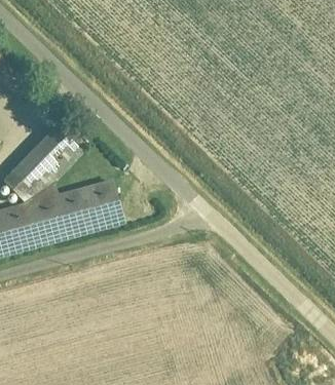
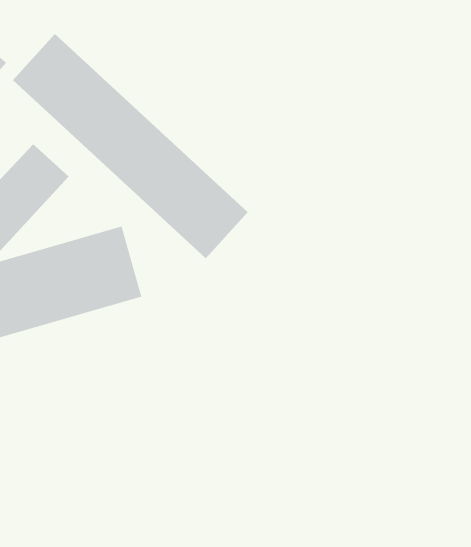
building: none -> [12,33,248,259]

